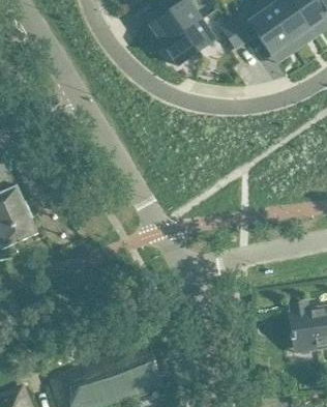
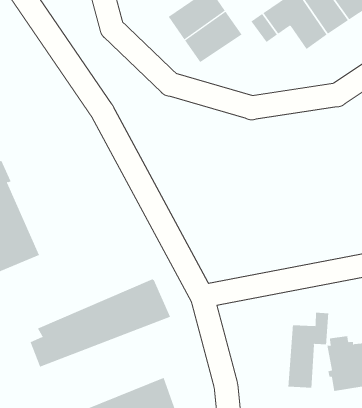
building: none -> [30,278,171,368]
building: none -> [288,312,329,389]

